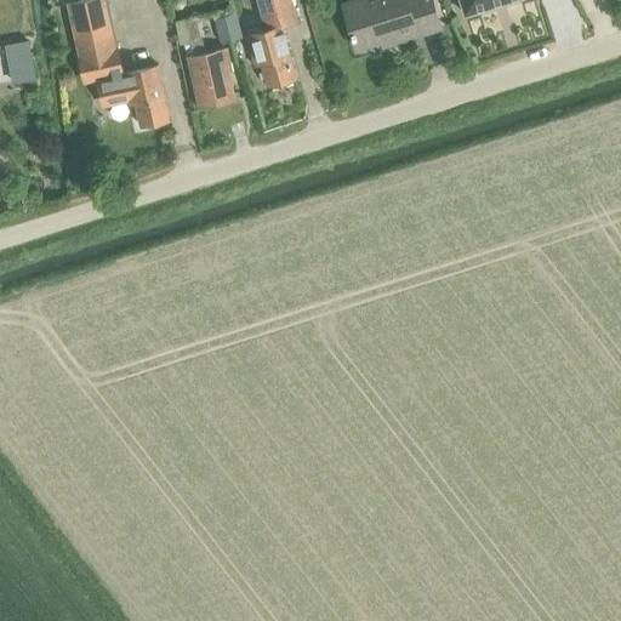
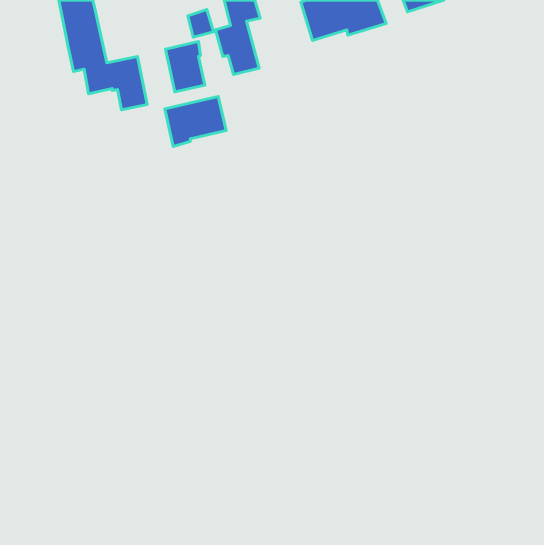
building: [6,40,33,82] -> none
building: none -> [165,97,226,146]

